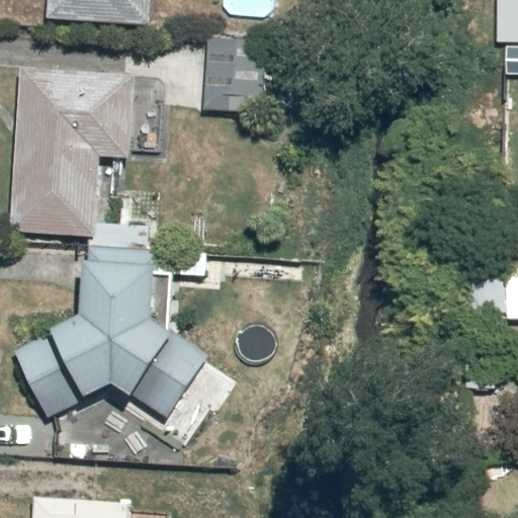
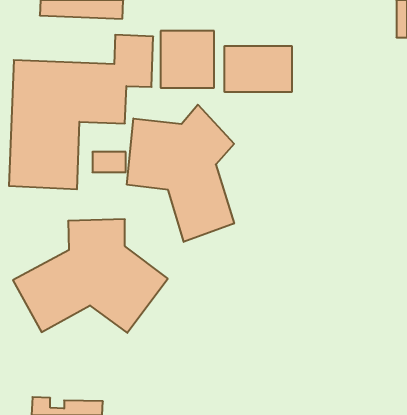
building: none -> [225,46,292,92]
building: none -> [127,105,234,242]

